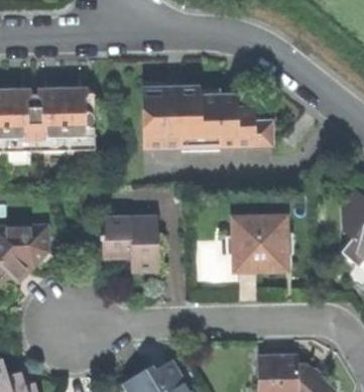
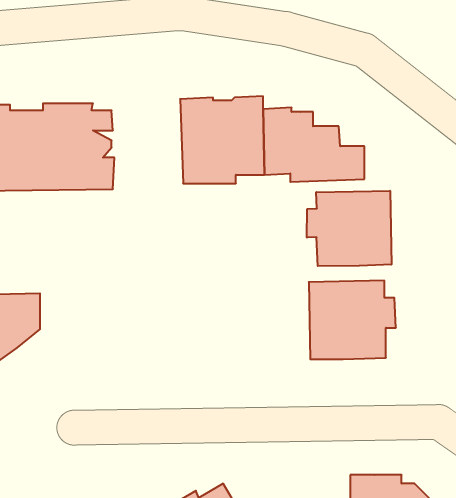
building: none -> [307,191,391,266]
building: [102,222,157,269] -> none

